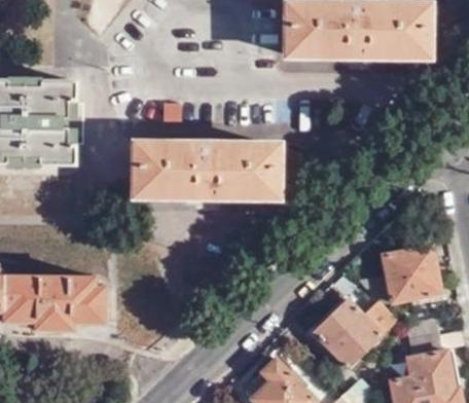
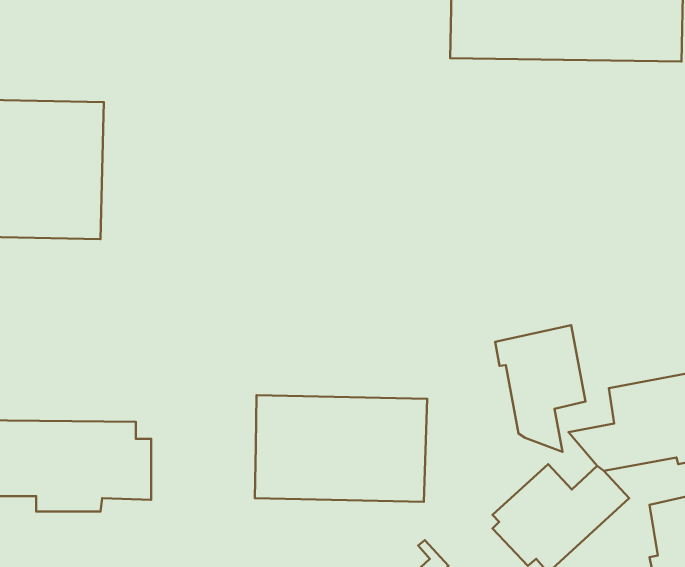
building: [134,142,278,196] -> none
building: none -> [495,325,586,452]
building: none -> [255,395,427,502]

